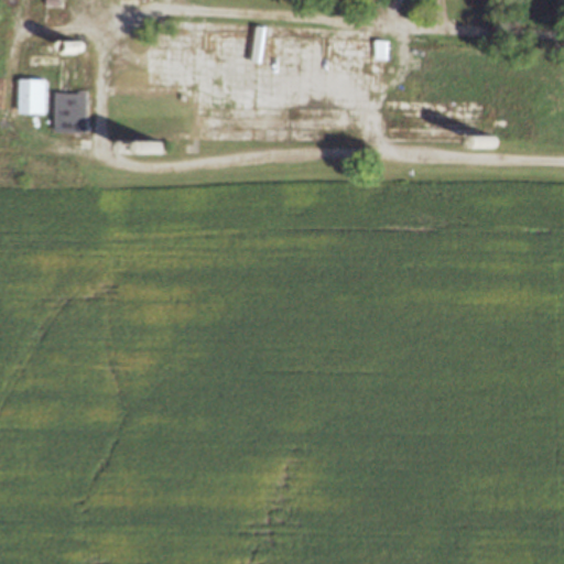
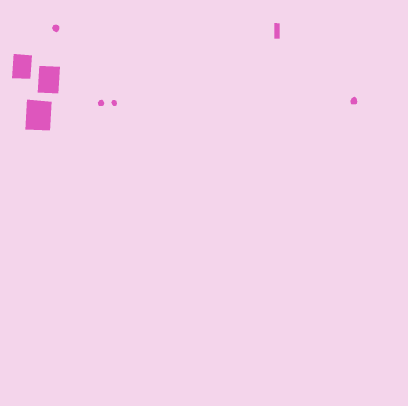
building: none -> [25,99,52,131]

